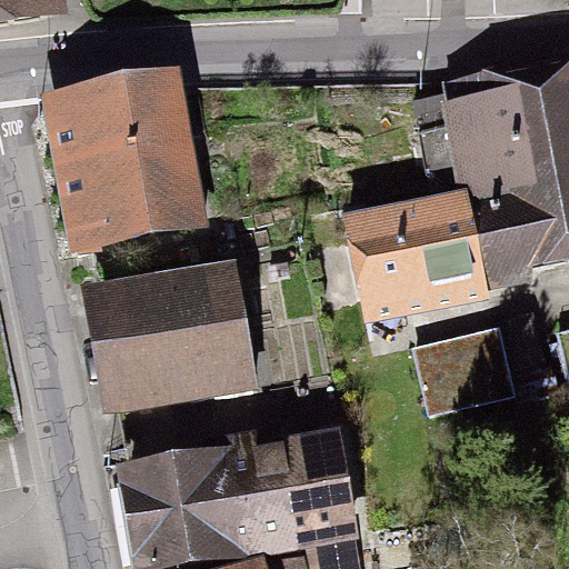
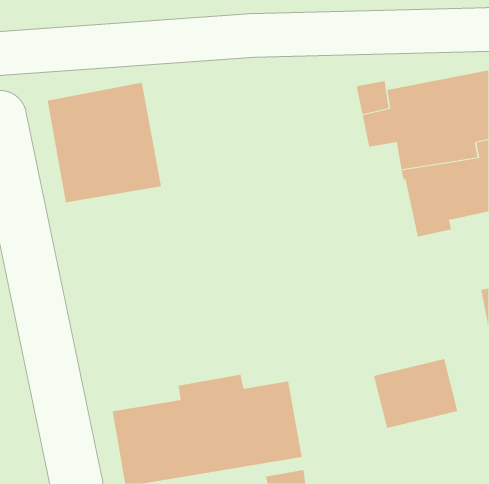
building: [348,209,485,299] -> none
building: [100,282,253,398] -> none
building: [415,332,513,413] -> [373,359,458,428]

